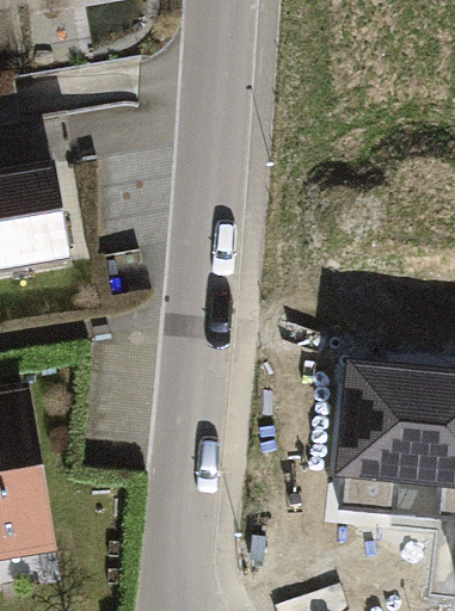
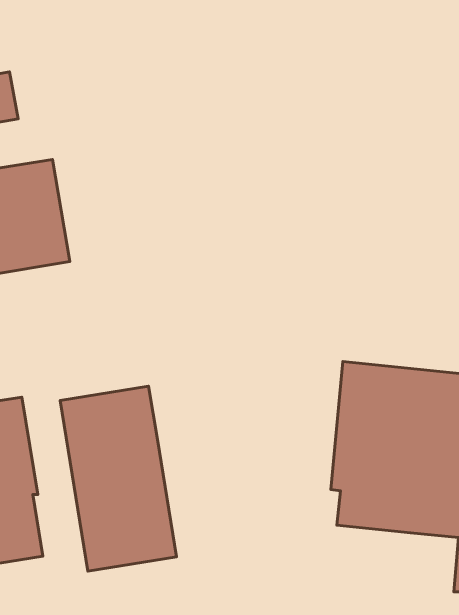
building: none -> [60,386,176,571]

